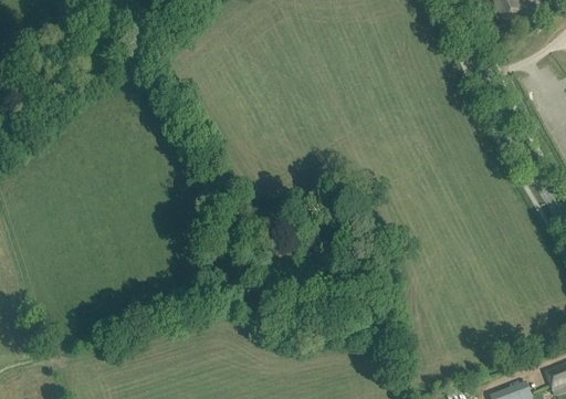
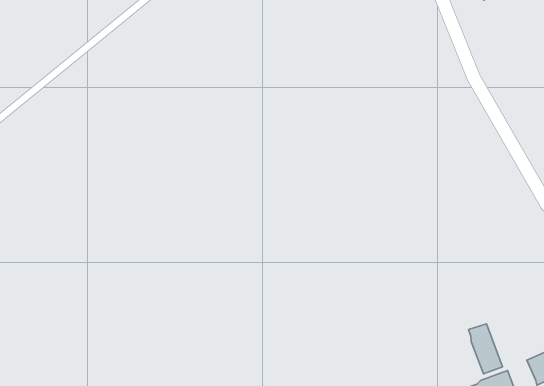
building: none -> [469,324,502,374]

